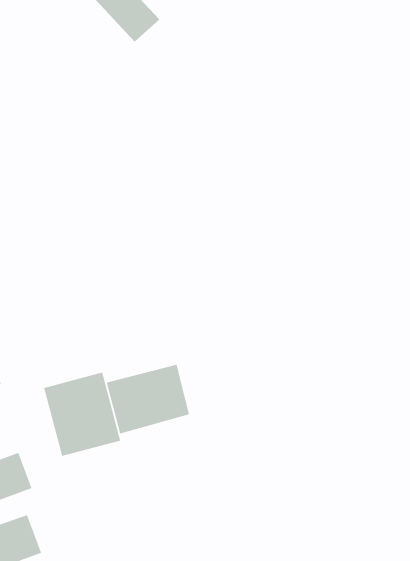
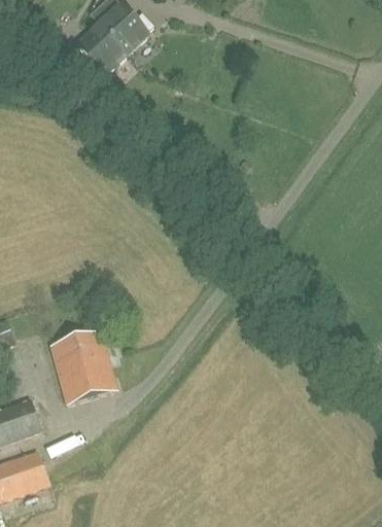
building: none -> [76,22,129,74]
building: [106,364,190,435] -> none

